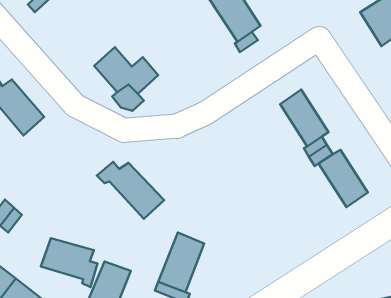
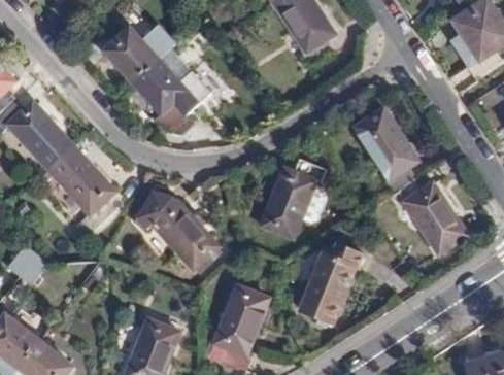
building: none -> [88,18,175,82]
building: none -> [47,144,112,224]
building: none -> [260,159,327,237]
building: none -> [299,247,364,323]
building: [41,238,98,287] -> none

